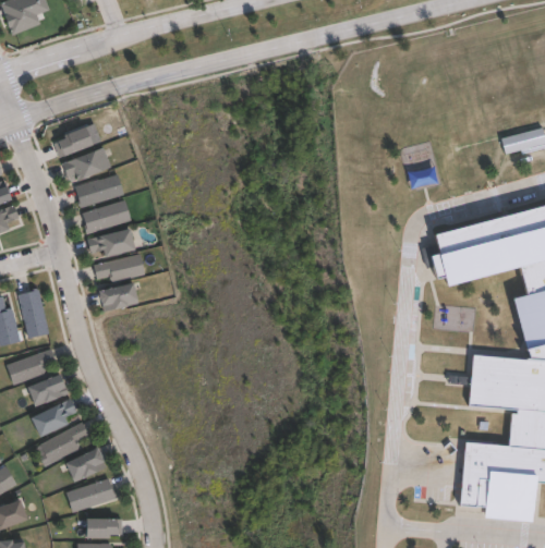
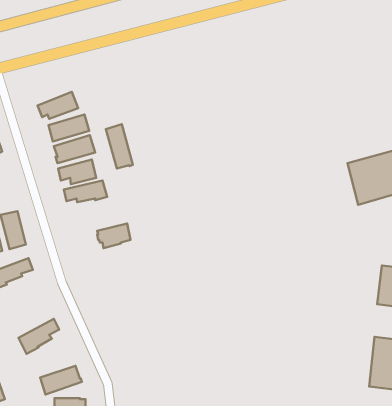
building: [55,127,90,158] -> none
building: none -> [106,124,133,168]
building: [97,287,137,316] -> [97,224,131,248]
building: [24,373,65,406] -> none
building: [27,399,75,436] -> none
building: [62,447,105,484] -> none

